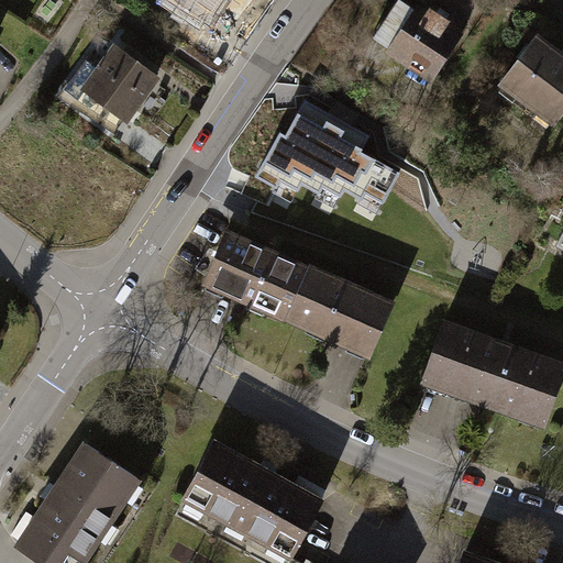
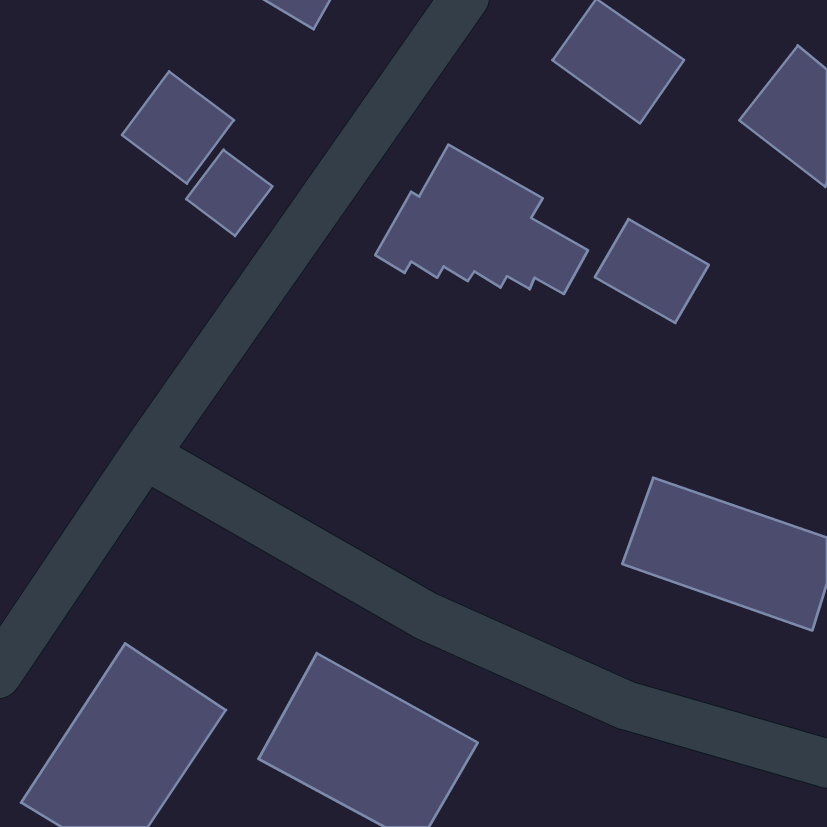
building: none -> [186,150,272,236]
building: none -> [595,219,709,323]
building: [199,229,393,363] -> none

